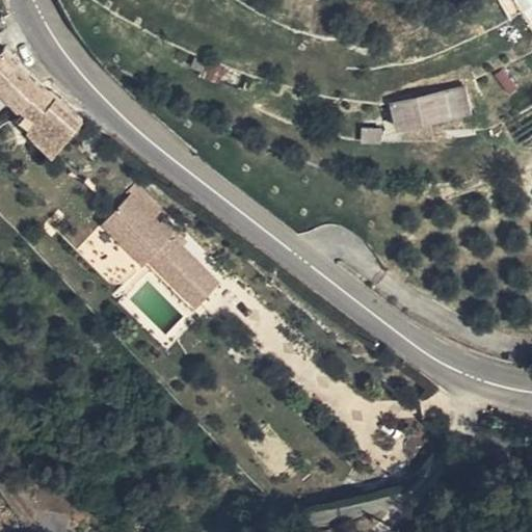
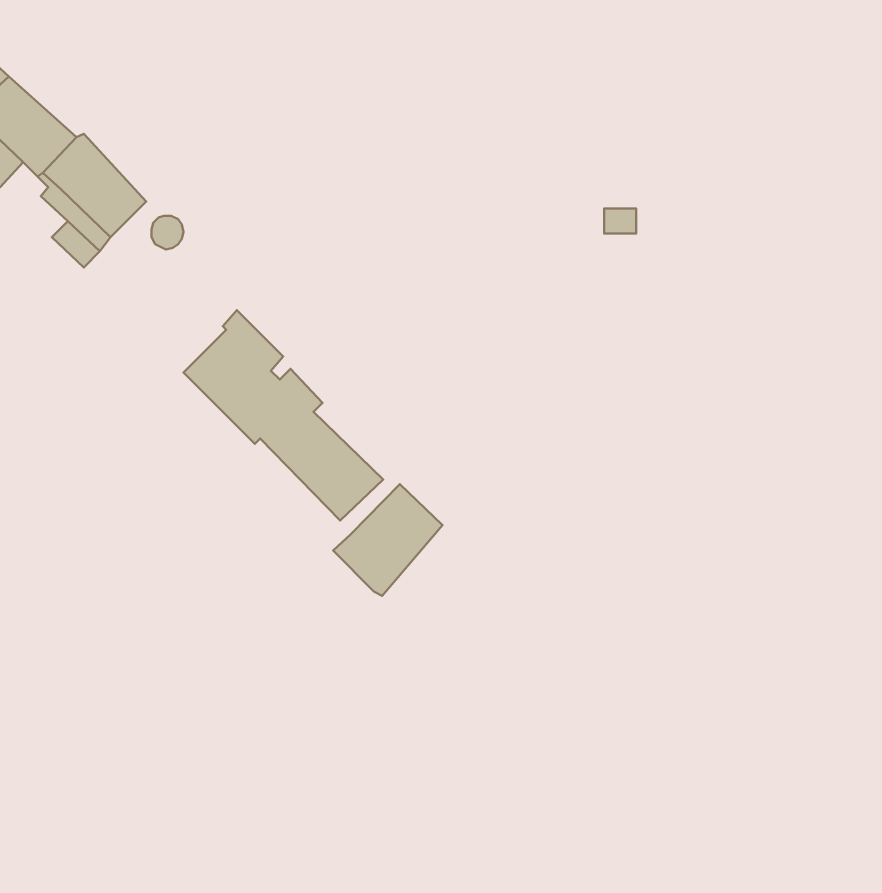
building: [381,87,460,131] -> none
building: none -> [333,484,442,596]

